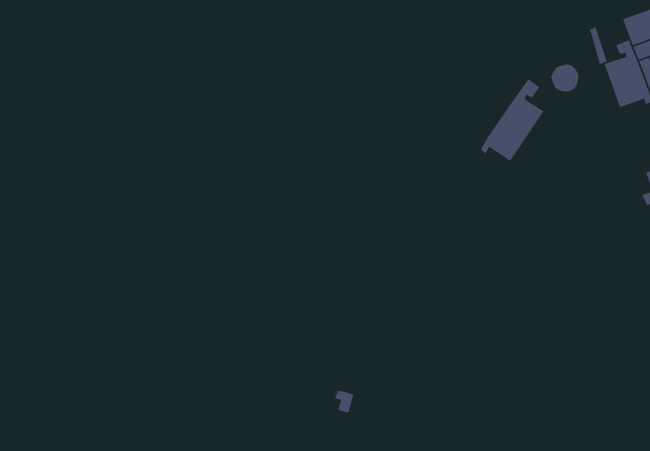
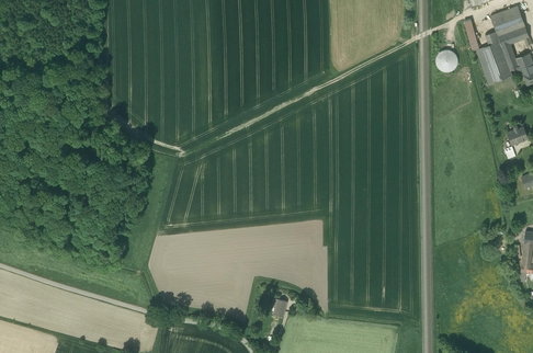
building: [480,78,544,162] -> none

